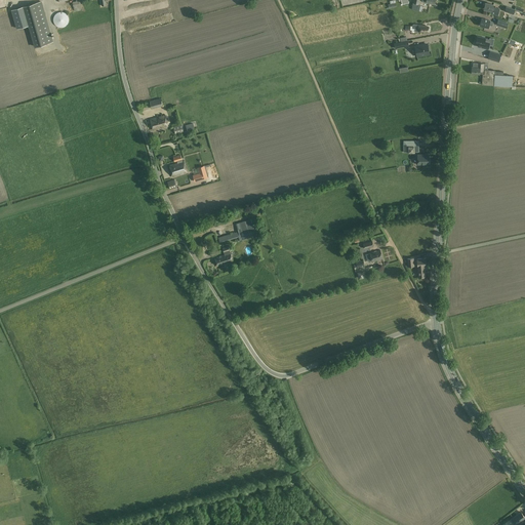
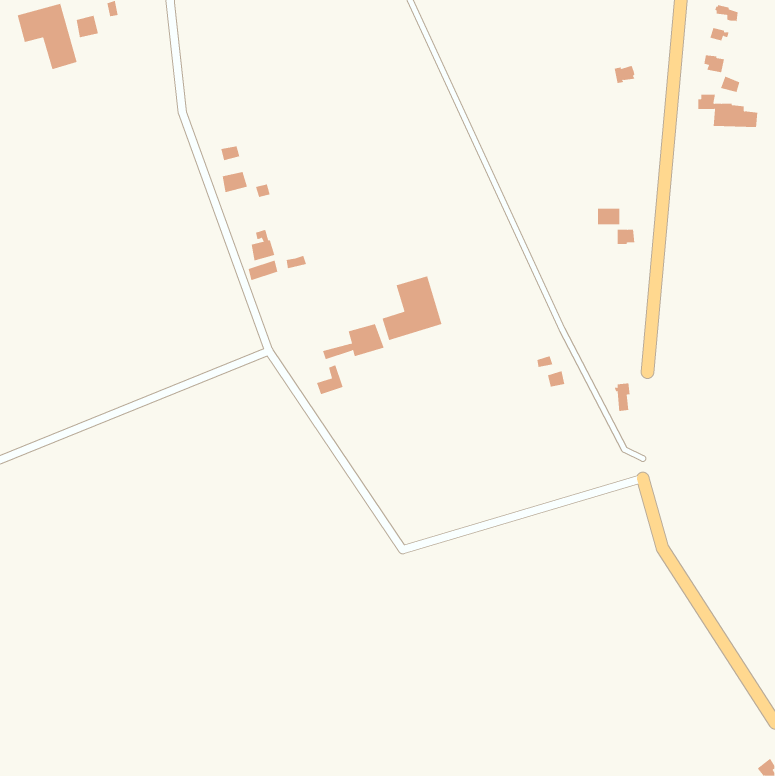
building: none -> [382,276,442,341]

